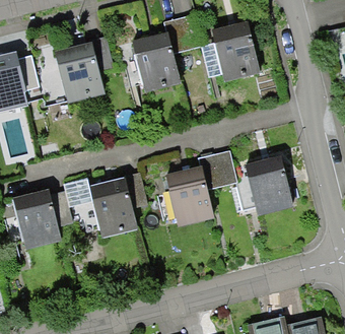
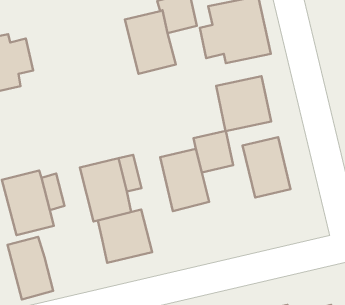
building: [52,35,113,106] -> none
building: none -> [216,76,271,131]
building: none -> [98,210,152,263]
building: none -> [7,237,53,299]

